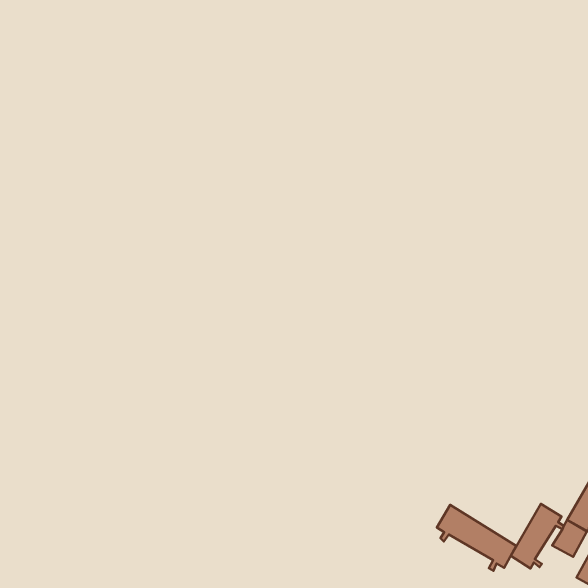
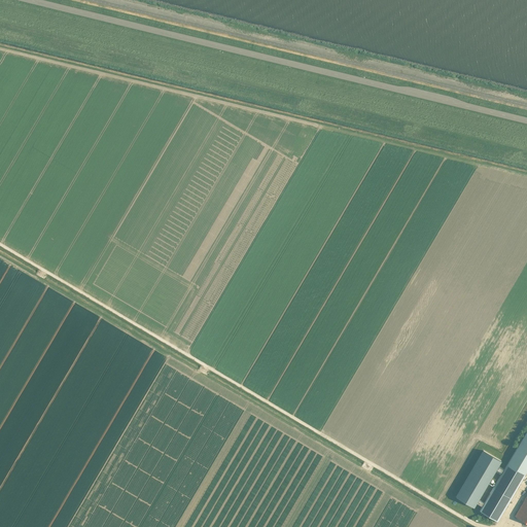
building: [437,505,516,571] -> none
building: none -> [481,488,513,522]

